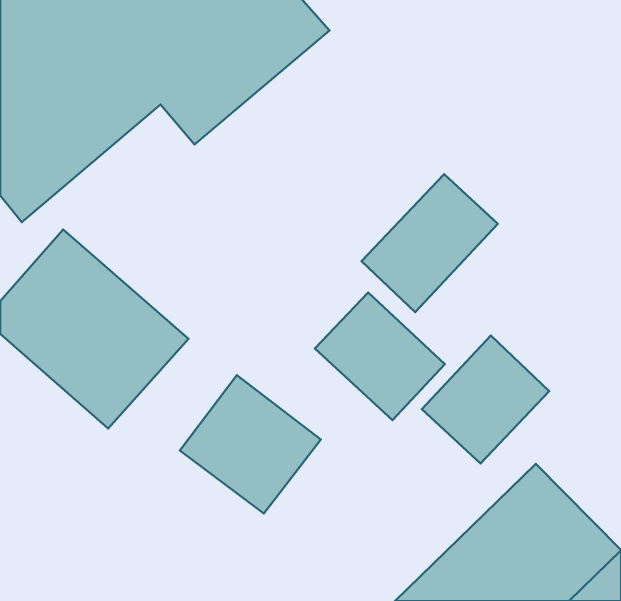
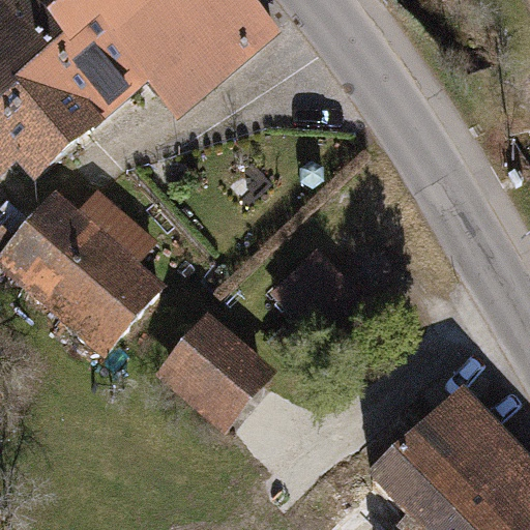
building: [362,174,498,312] -> none
building: [422,336,549,463] -> none

